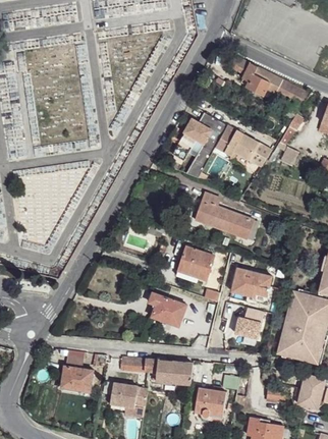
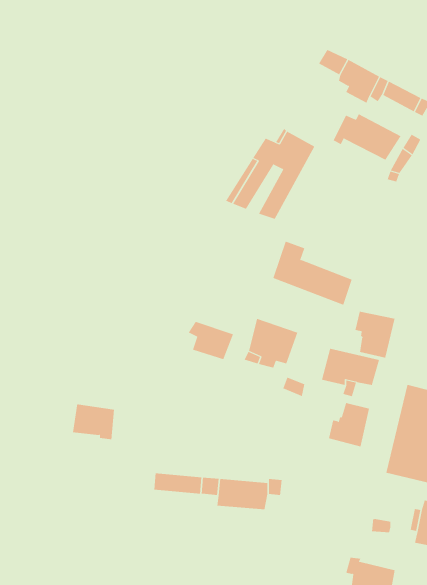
building: [224,132,273,166] -> [333,113,401,161]
building: none -> [355,311,395,359]
building: [147,295,179,323] -> [188,321,234,360]
building: [61,366,92,391] -> [72,404,115,440]
building: [112,383,149,418] -> none
building: [196,388,227,418] -> none

